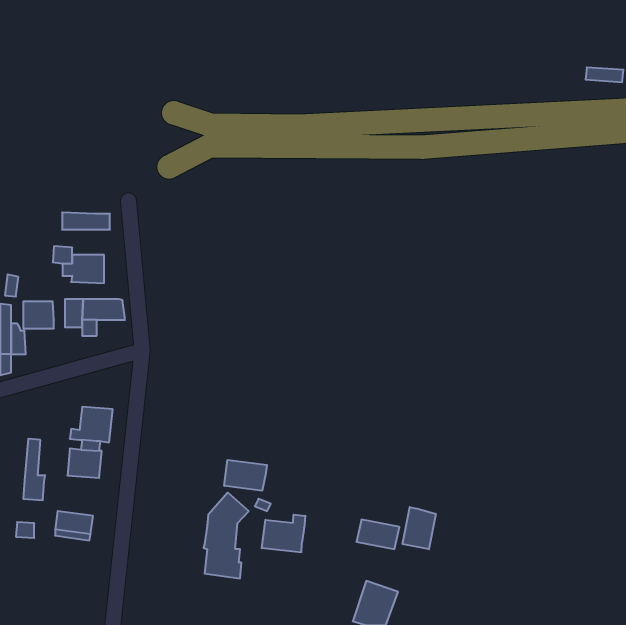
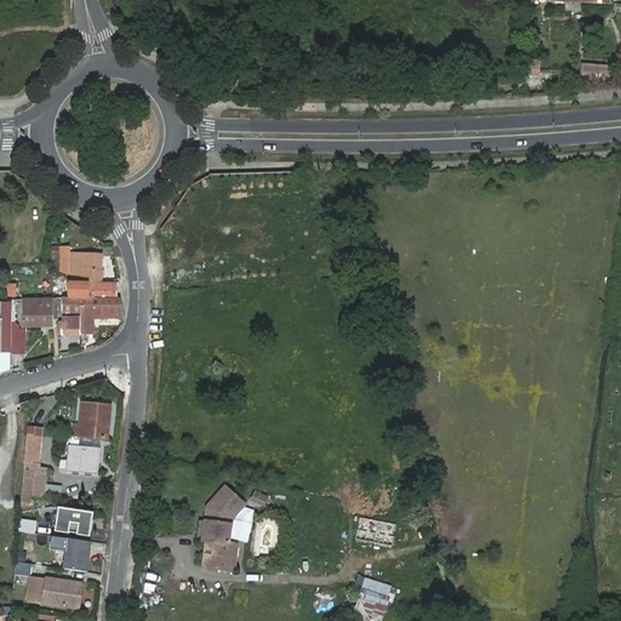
building: [62,212,110,230] -> [70,279,118,296]
building: [224,460,267,491] -> none
building: [403,507,436,549] -> none
building: [262,515,305,552] -> none
building: none -> [62,539,89,571]
building: none -> [16,562,82,608]

